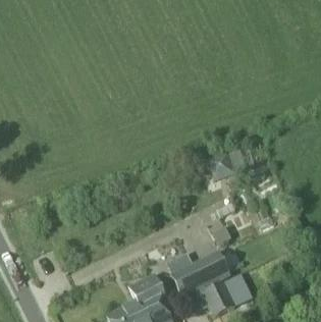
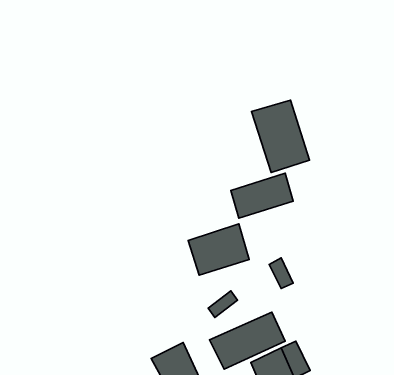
building: none -> [251,100,309,172]
building: none -> [188,224,249,275]

